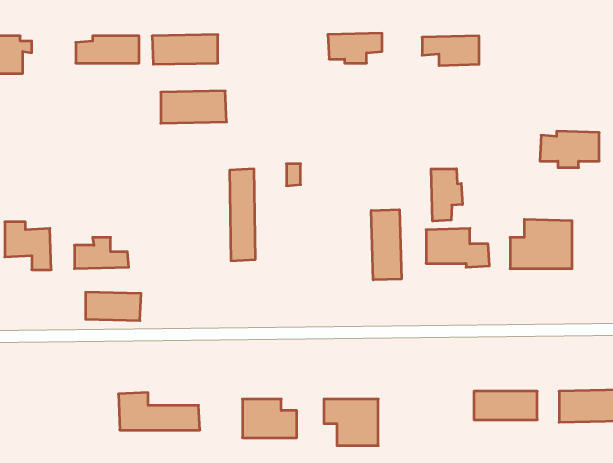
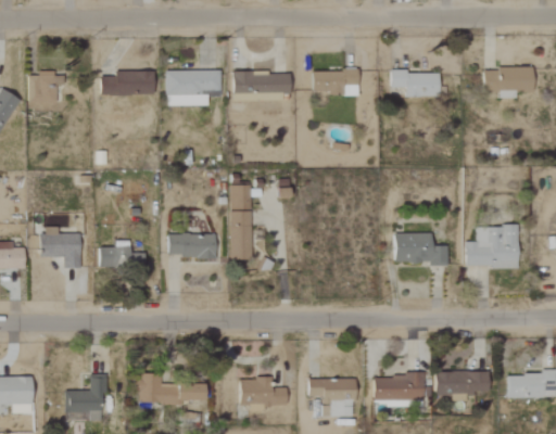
building: [161,91,227,123] -> [235,73,290,100]
building: [540,131,599,168] -> [483,67,533,98]
building: [431,169,462,221] -> none
building: [371,210,401,280] -> none
building: [86,292,141,321] -> [169,234,216,258]
building: none -> [374,372,424,399]
building: none -> [65,375,105,416]

